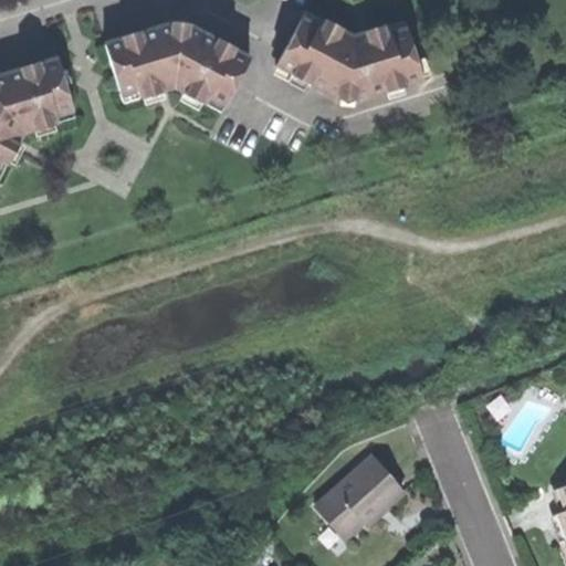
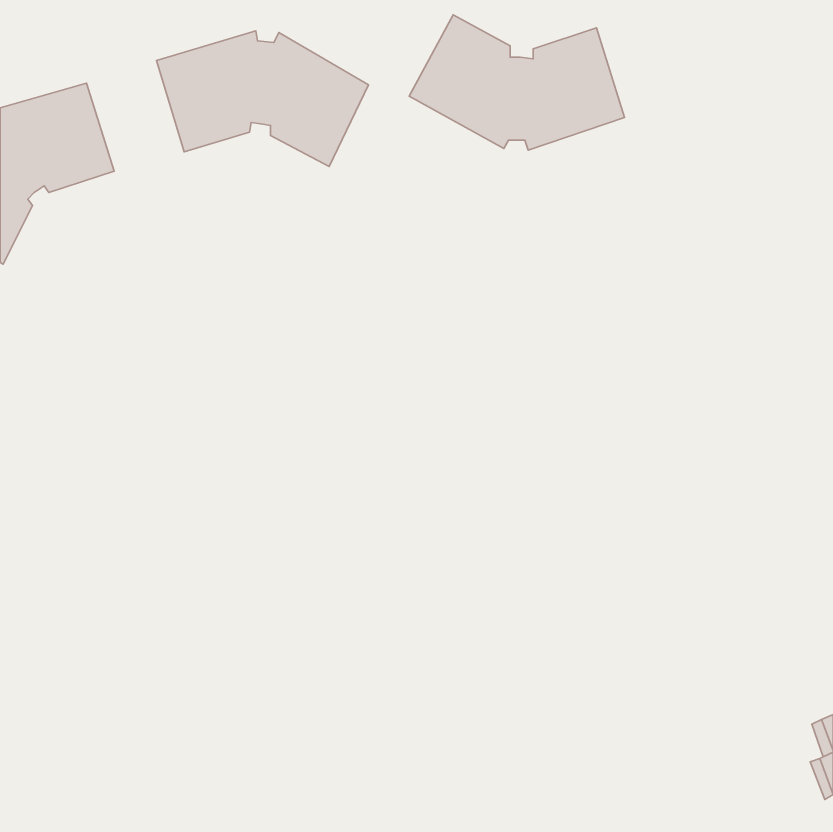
building: [314,454,402,533] -> none

